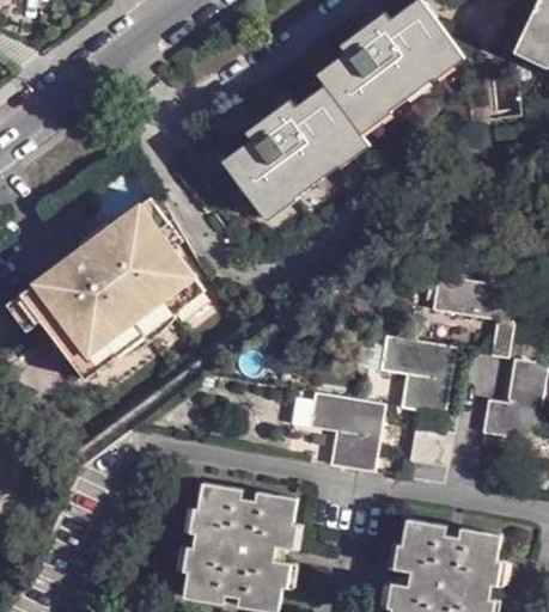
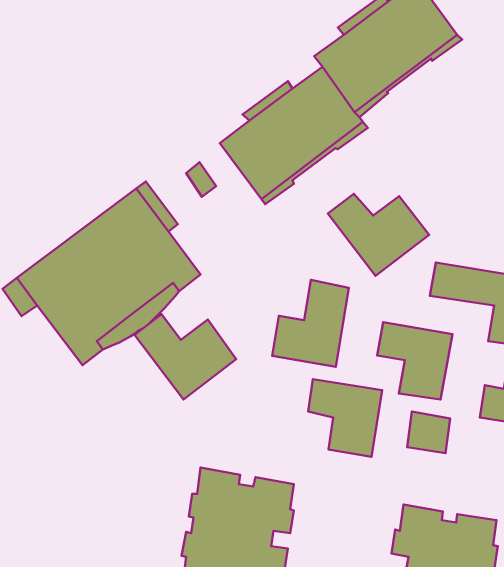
building: none -> [328,194,429,276]
building: none -> [272,280,349,367]
building: none -> [135,314,236,400]

